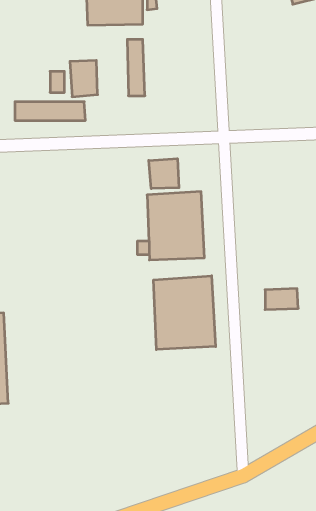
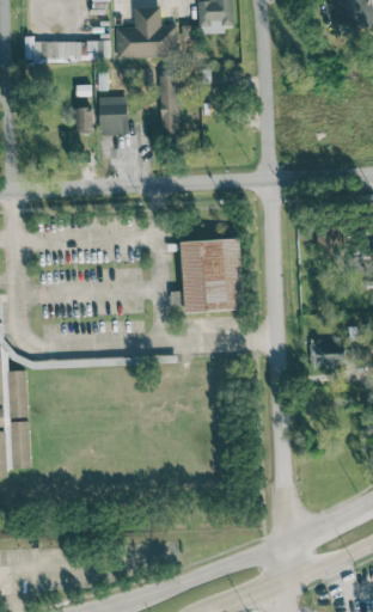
building: [15,102,85,120] -> [32,41,109,61]
building: [149,159,179,189] -> none
building: [154,276,216,350] -> none

